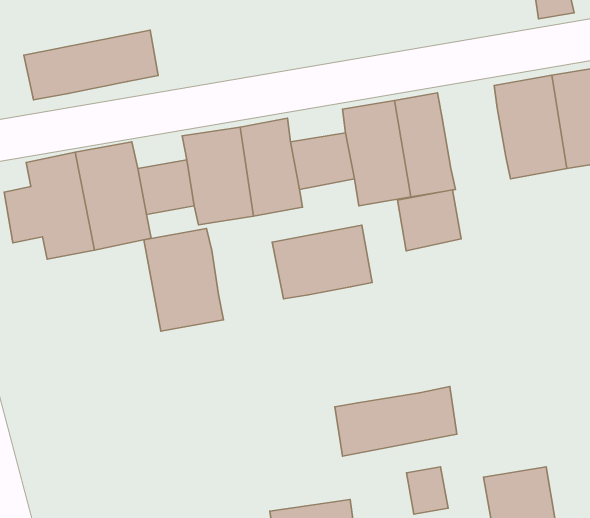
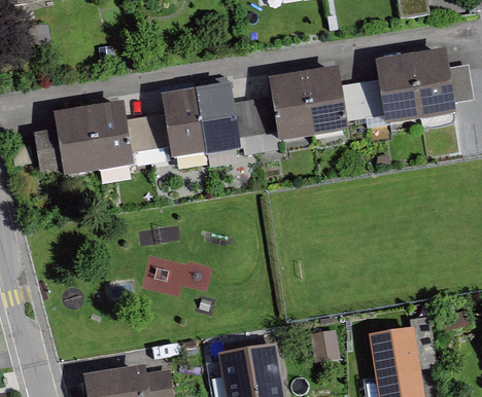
building: [24,30,158,100] -> none
building: [397,190,461,251] -> [339,76,383,118]
building: [272,225,372,299] -> none
building: [144,228,223,331] -> none
building: [335,386,457,456] -> none

